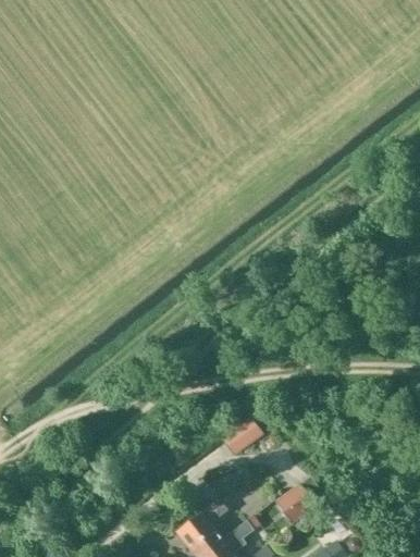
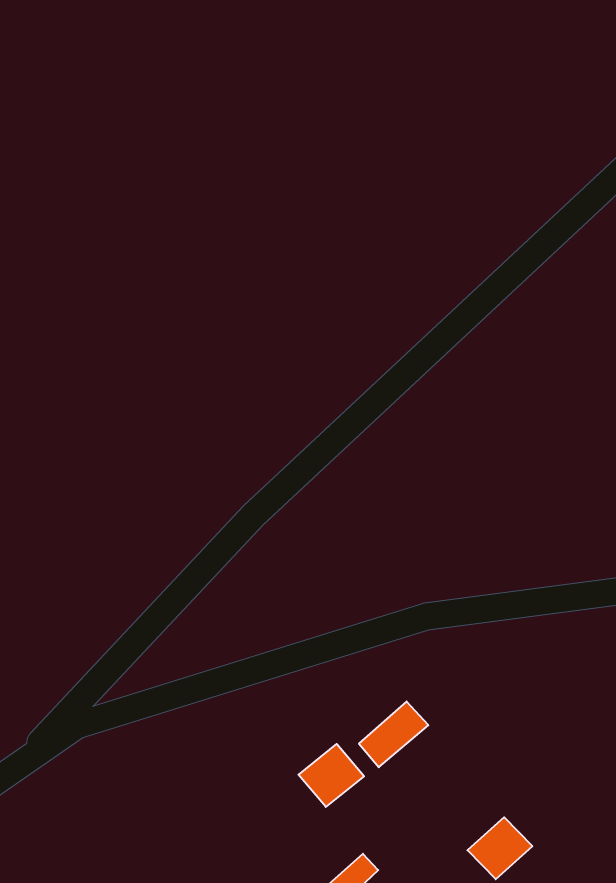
building: none -> [298,744,364,807]

